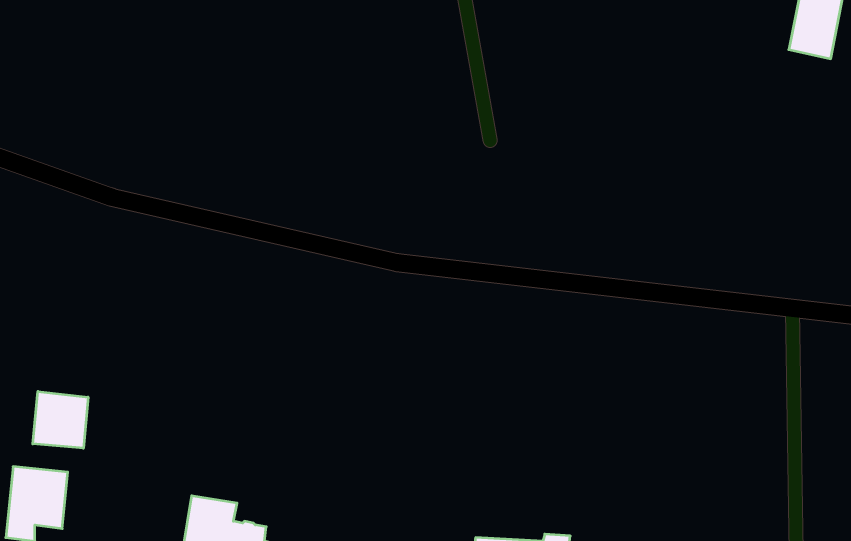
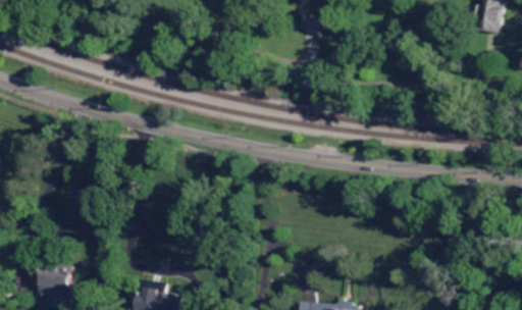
building: [33,391,88,448] -> none

